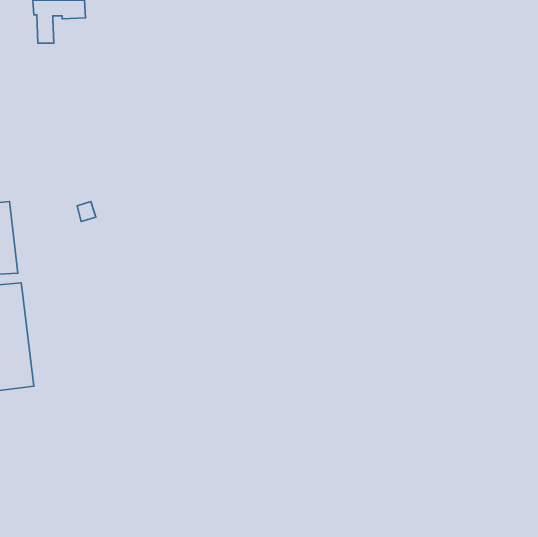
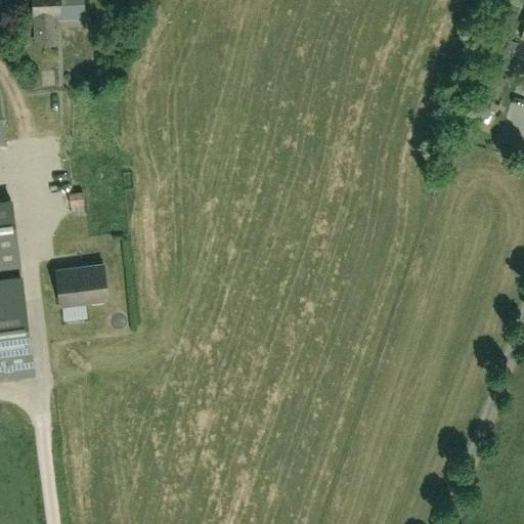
building: none -> [56,266,106,306]

